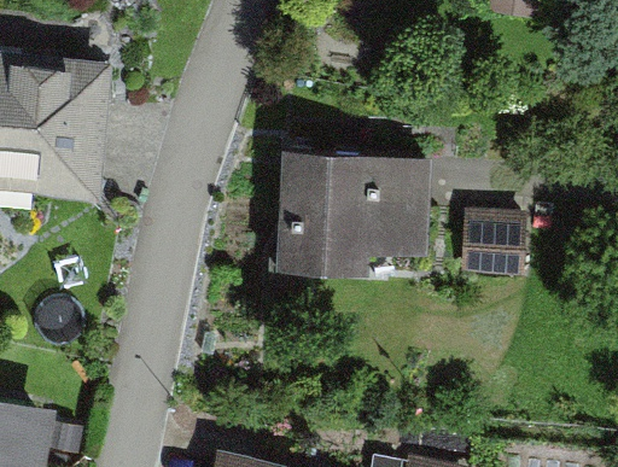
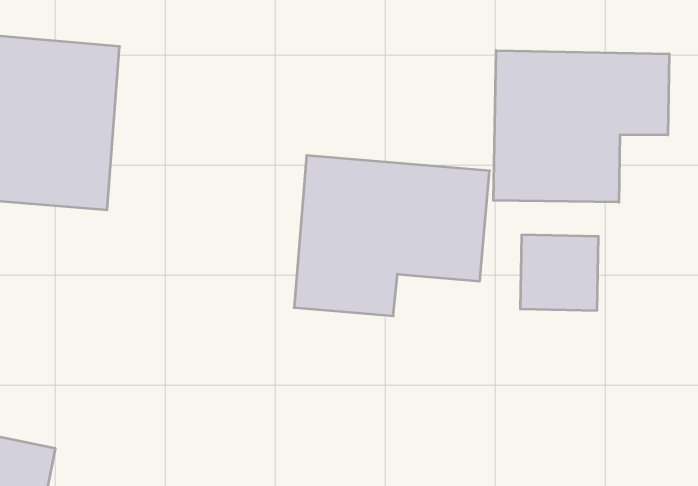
building: none -> [493,50,669,202]

